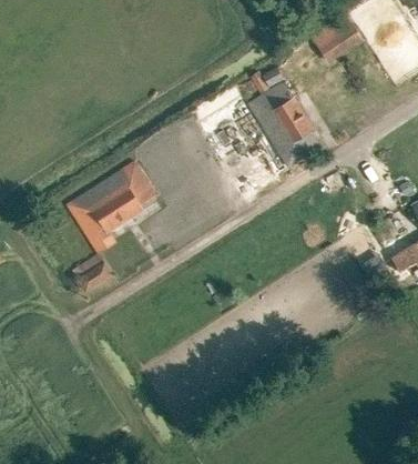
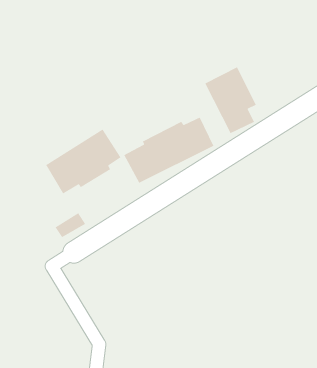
building: [319,17,368,62] -> none
building: none -> [123,116,215,184]

